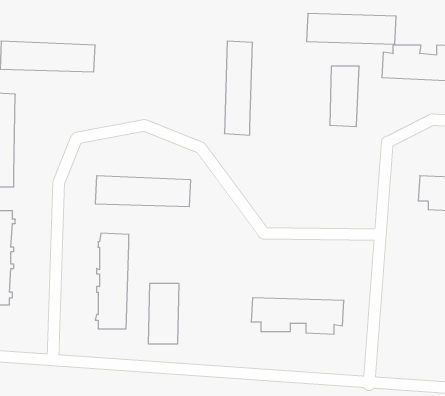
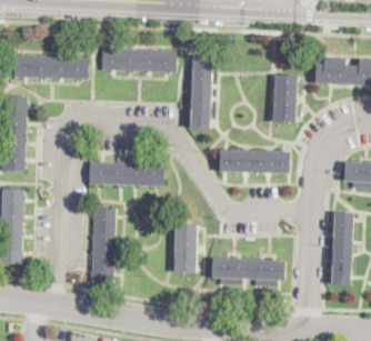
building: [306,13,396,44] -> [219,149,290,173]
building: none -> [100,48,176,71]
building: none -> [330,211,352,284]
building: [148,284,179,344] -> [172,224,197,272]

